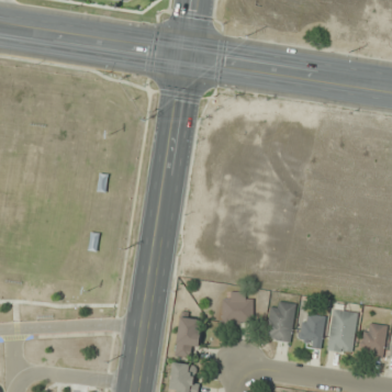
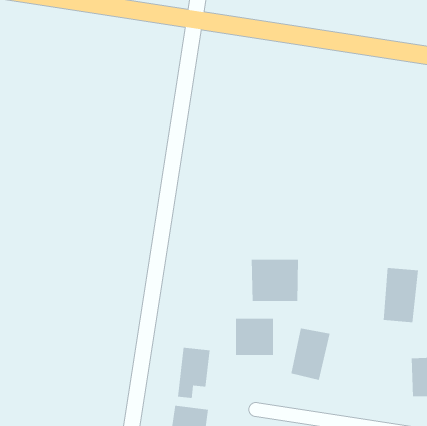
building: none -> [251,259,299,302]
building: [328,309,357,352] -> [383,268,419,323]
building: [298,313,325,347] -> none

